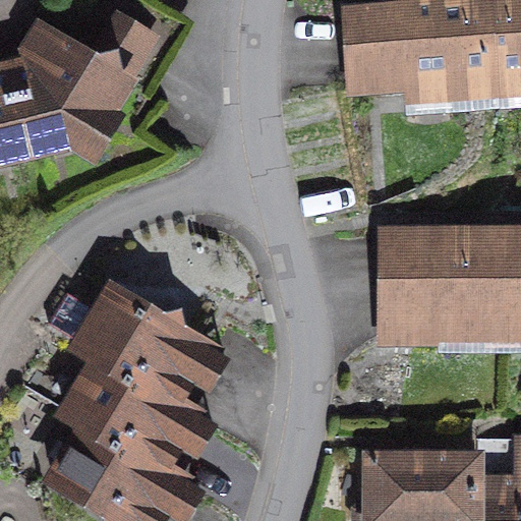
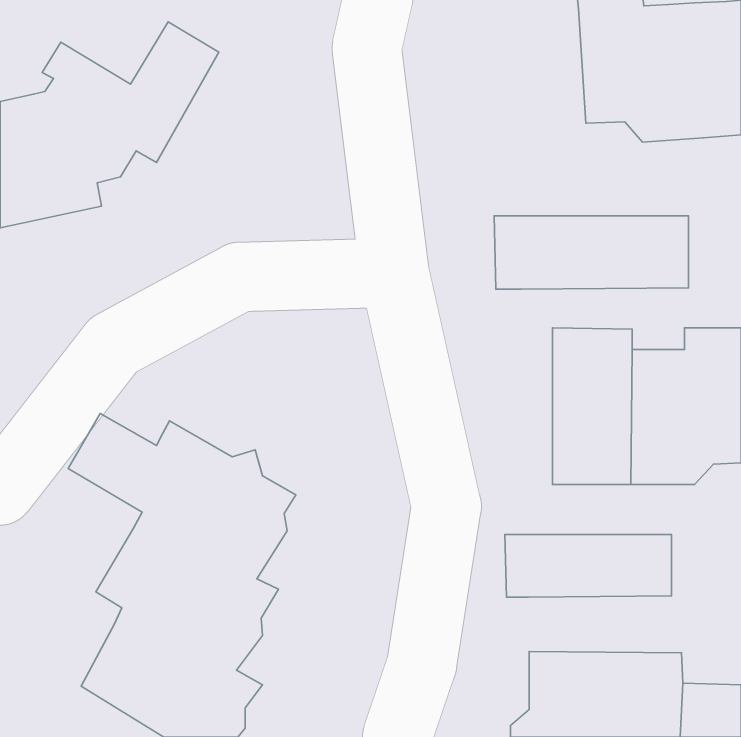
building: [351,6,411,90] -> none
building: none -> [494,216,688,289]
building: none -> [505,534,672,597]

